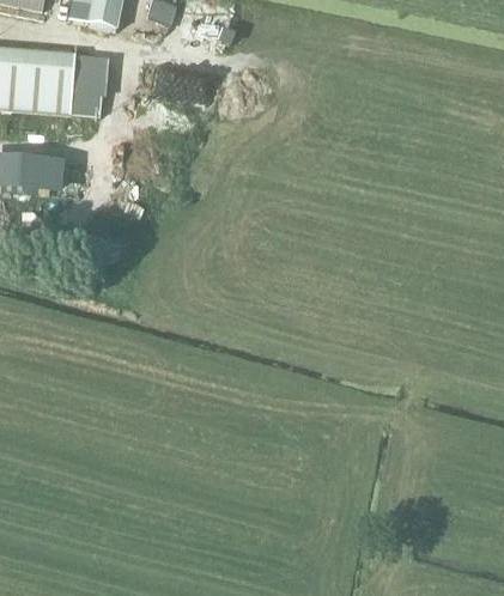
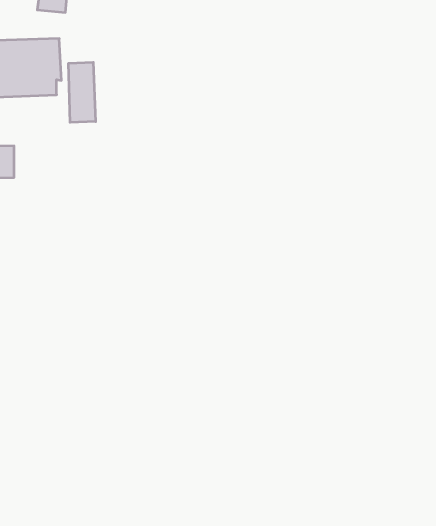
building: none -> [69,62,96,122]

